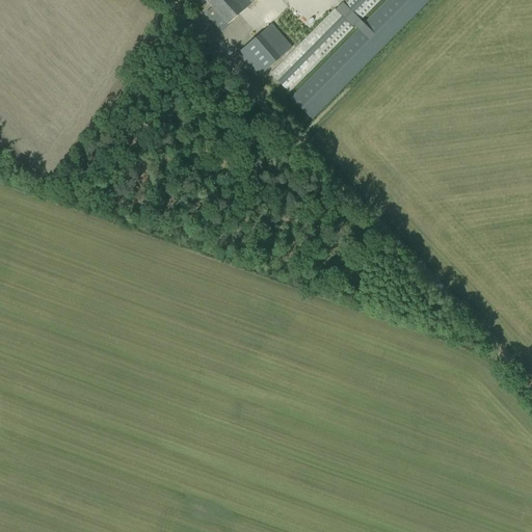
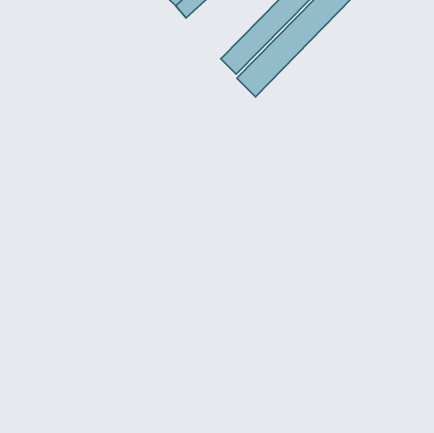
building: [236,22,292,76] -> none

